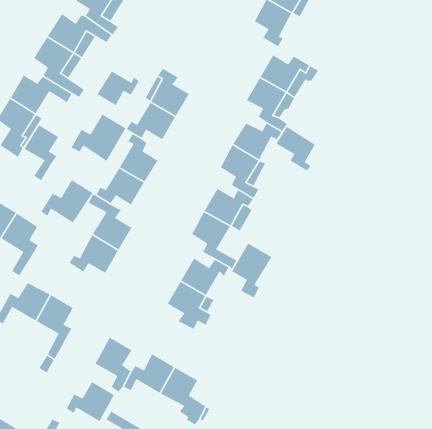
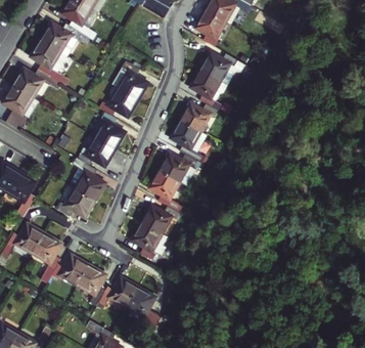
building: [96,70,140,106] -> none
building: [71,114,126,162] -> none
building: [24,124,59,181] -> none
building: [275,126,316,171] -> none
building: [41,179,93,223] -> none
building: [231,243,273,298] -> none
building: [66,381,115,422] -> [50,254,87,285]

